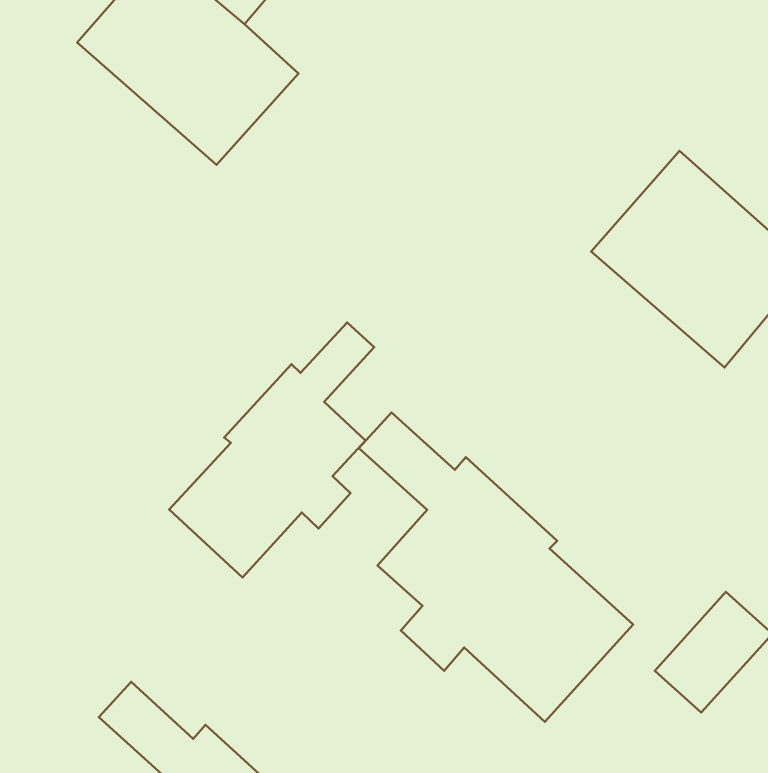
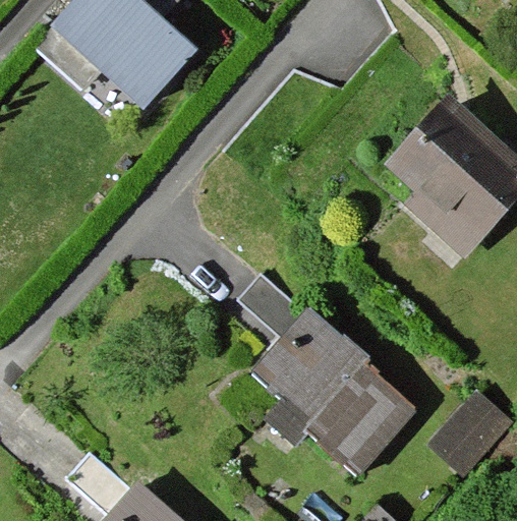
building: [169,323,374,578] -> none

